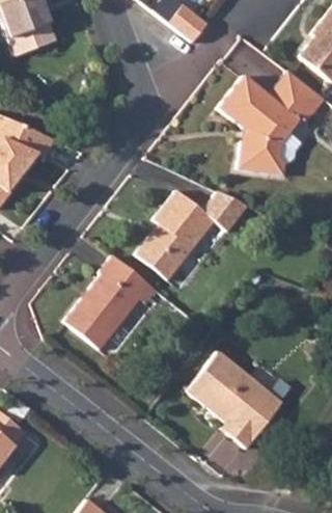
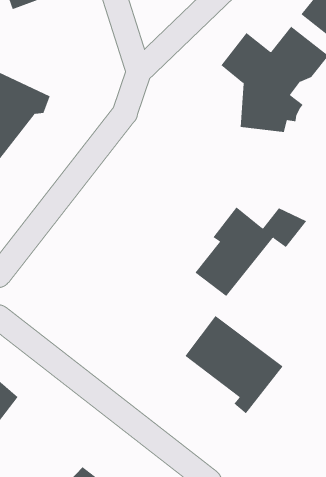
building: [136,188,246,276] -> [195,206,307,297]
building: [61,254,156,352] -> none

